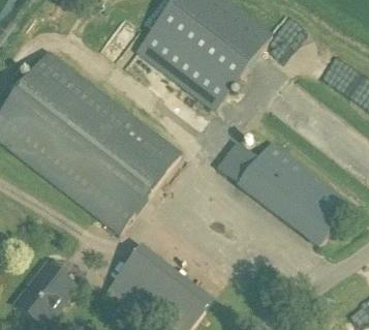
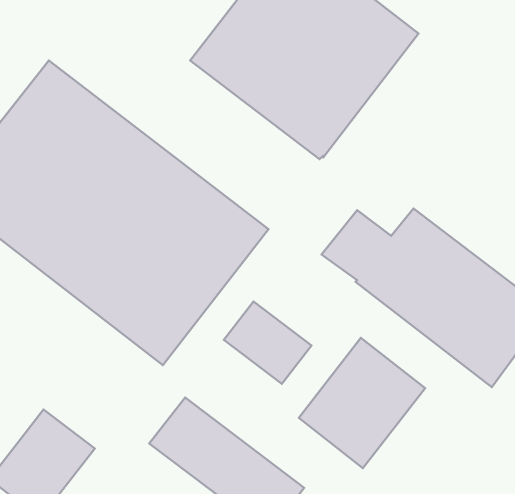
building: none -> [224,302,312,384]
building: none -> [299,338,425,468]

